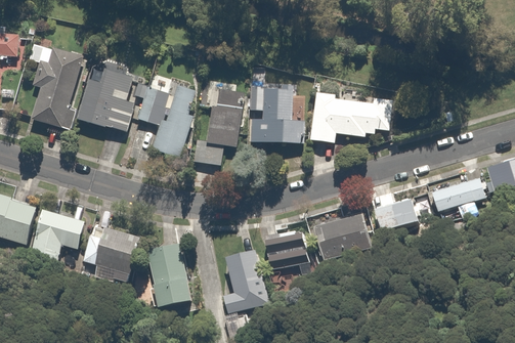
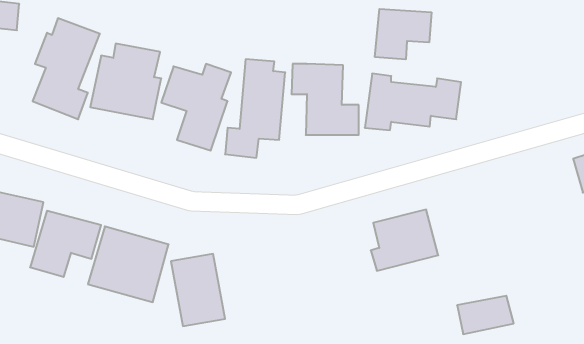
building: none -> [375,9,431,59]
building: [427,169,487,214] -> none
building: [373,199,421,231] -> [457,296,514,334]
building: [262,229,307,271] -> none
building: [221,248,270,313] -> none

